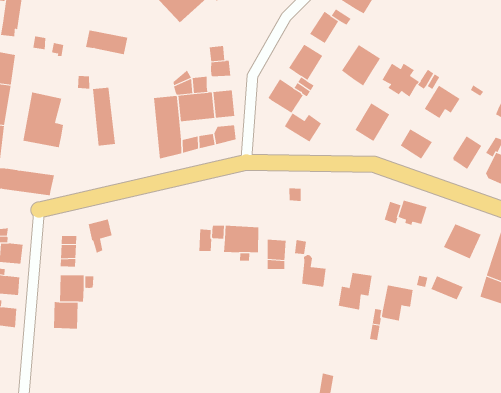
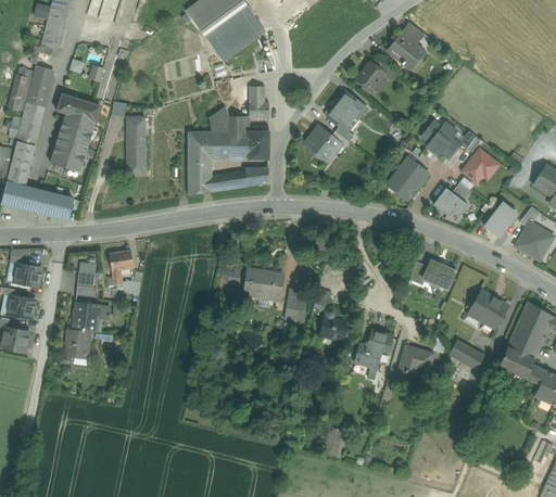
building: [85,30,128,55] -> [56,93,101,123]
building: [341,44,381,87] -> none
building: [284,113,322,143] -> none

